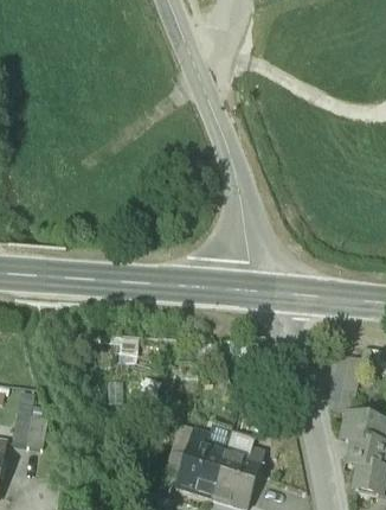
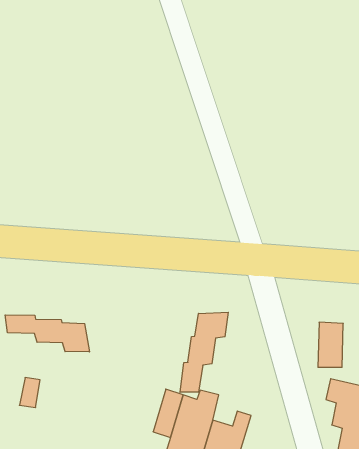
building: none -> [180,312,228,392]
building: none -> [5,315,89,352]

